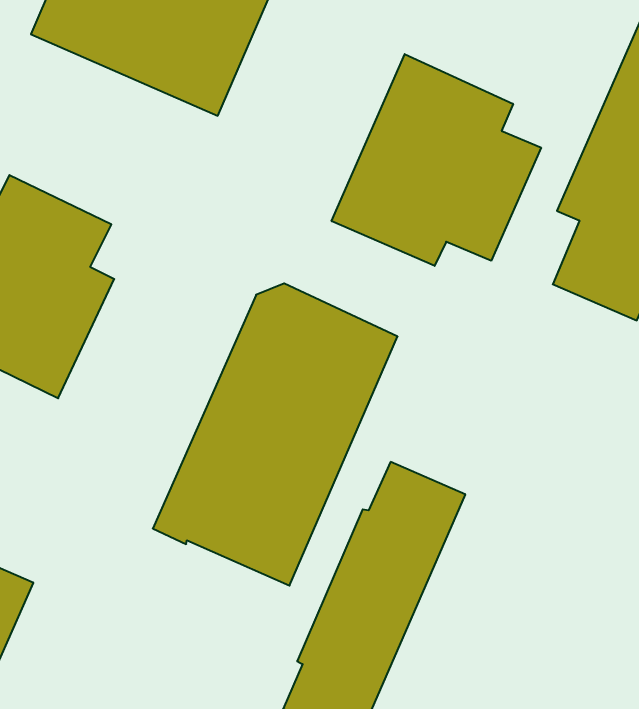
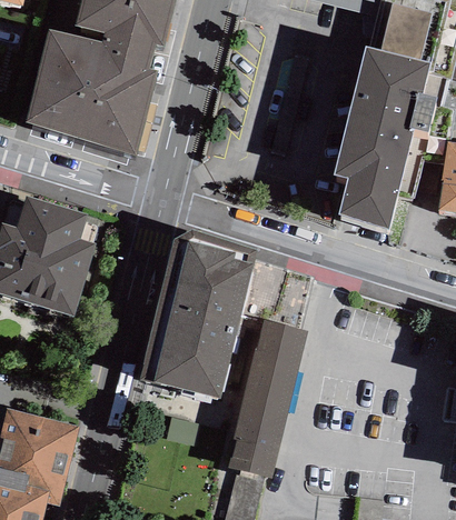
building: [332,54,541,266] -> none

